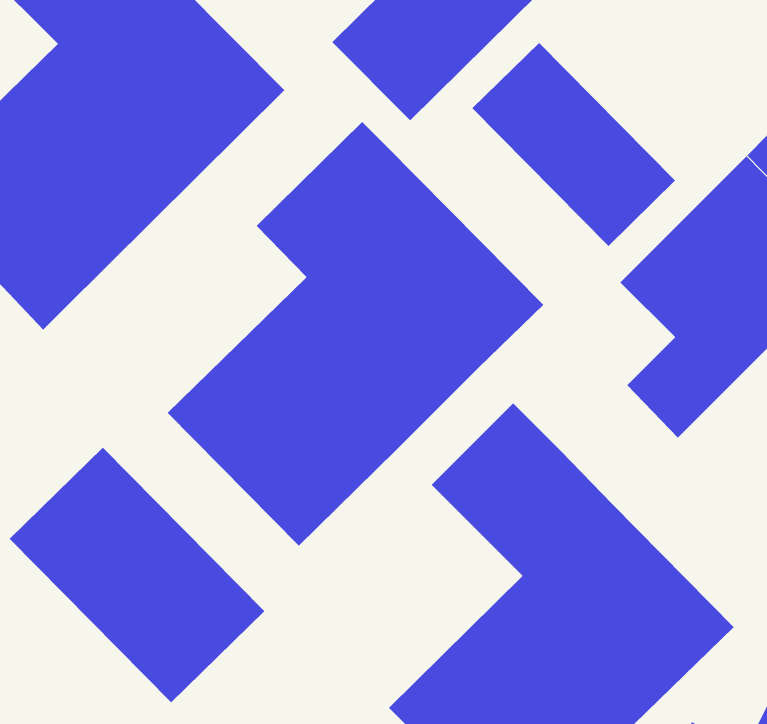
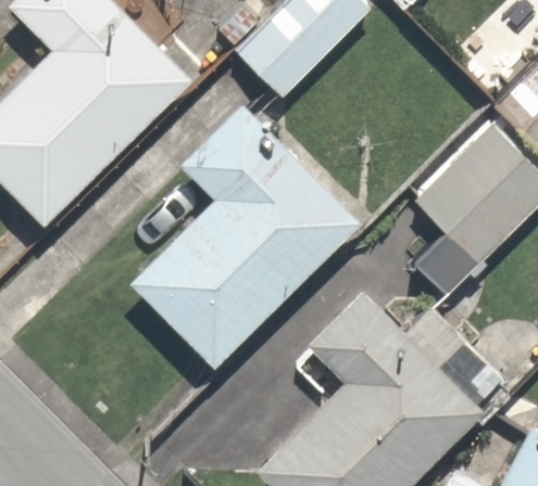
building: [471,42,676,247] -> none
building: [9,447,265,703] -> none

